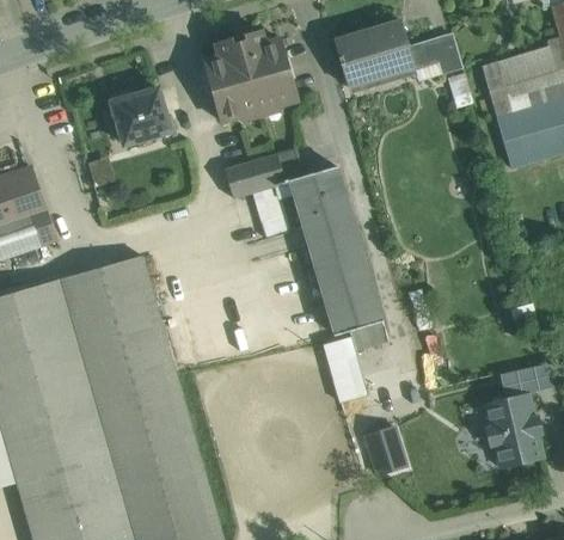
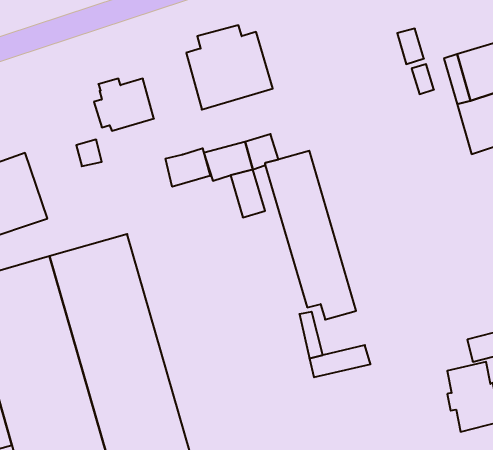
building: [335,20,419,88] -> none
building: none -> [166,148,210,187]
building: [364,425,405,475] -> none

